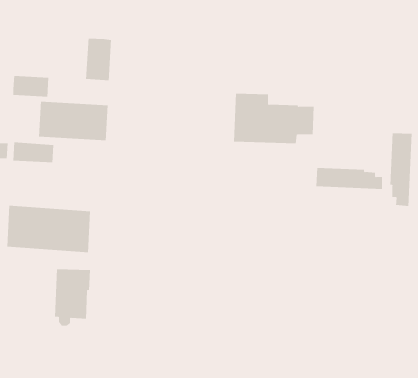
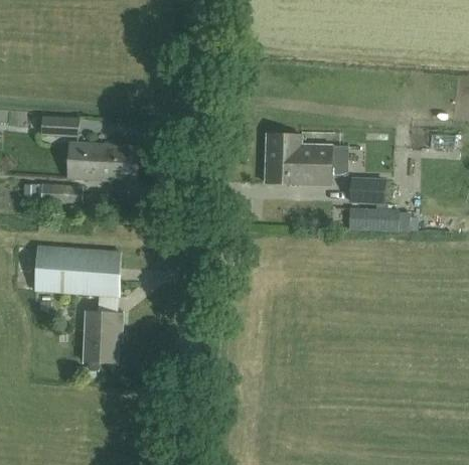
building: [86,38,112,81] -> none
building: [390,133,412,207] -> none
building: none -> [350,177,384,203]

